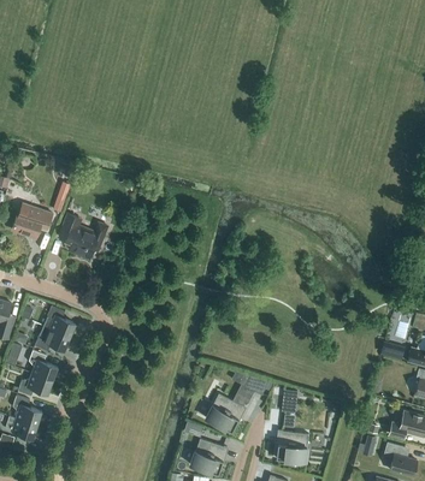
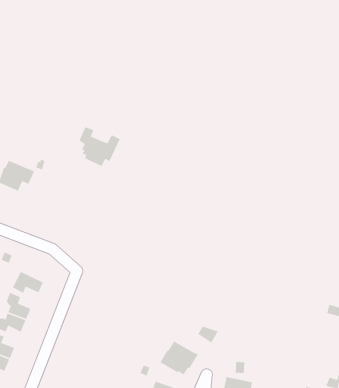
building: [61,214,108,259] -> [79,126,121,167]
building: [43,305,76,337] -> none

